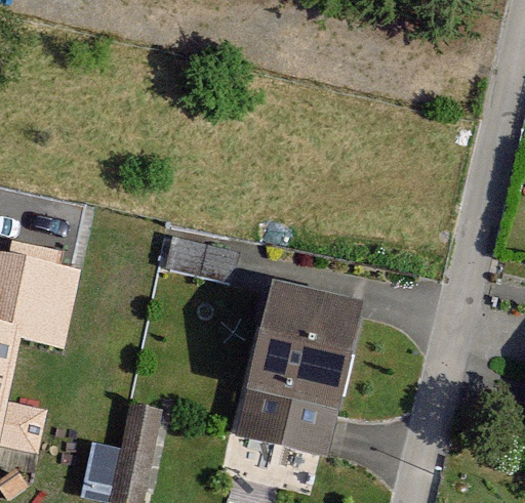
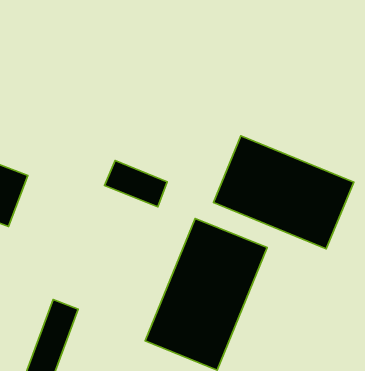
building: none -> [213,136,354,249]

